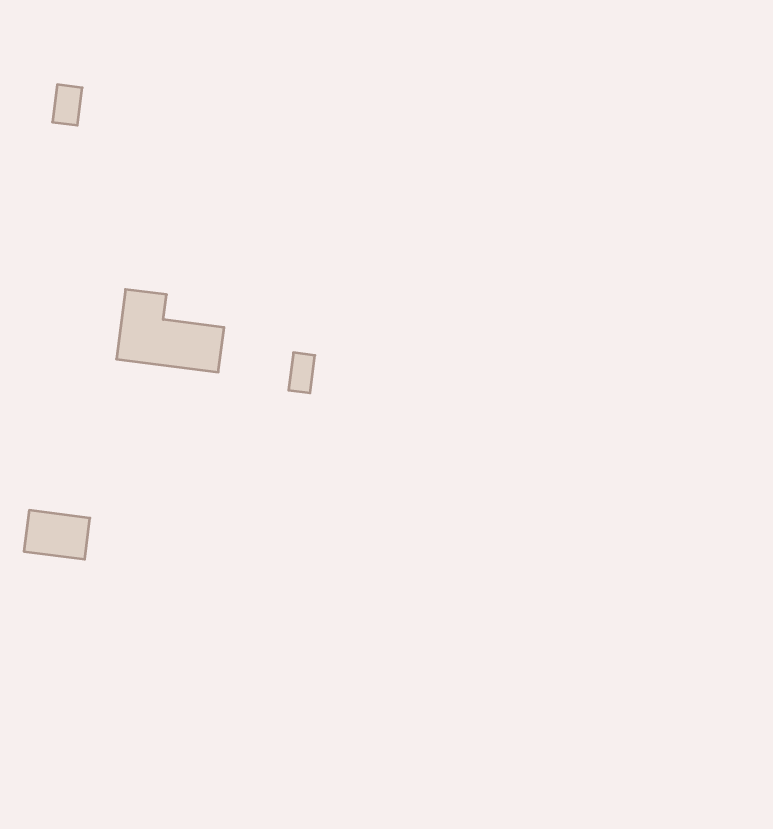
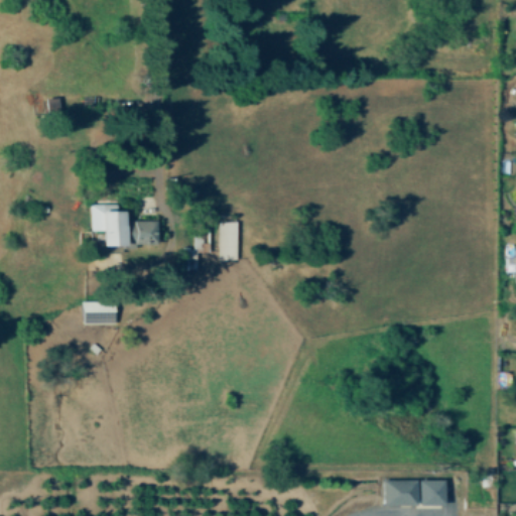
building: none -> [221,222,238,260]
building: [24,510,90,559] -> [81,301,115,325]

